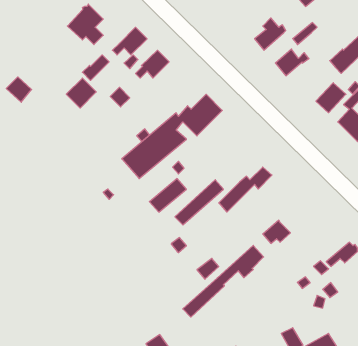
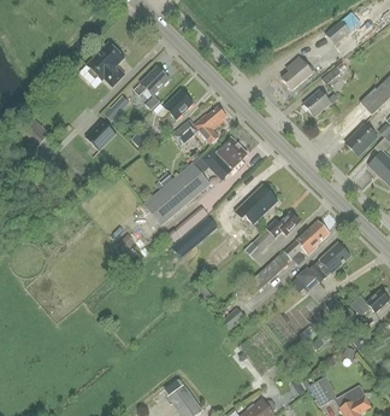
building: none -> [172,106,225,143]
building: none -> [235,183,278,223]
building: none -> [308,241,350,281]
building: [183,245,264,317] -> [244,219,329,294]

